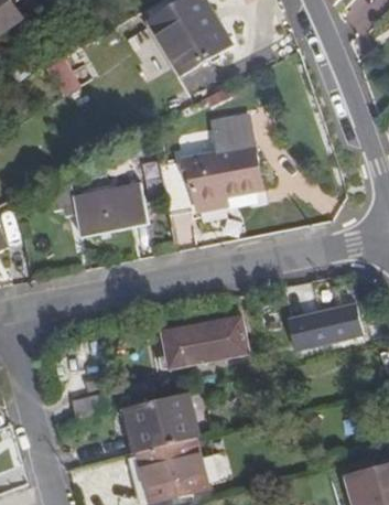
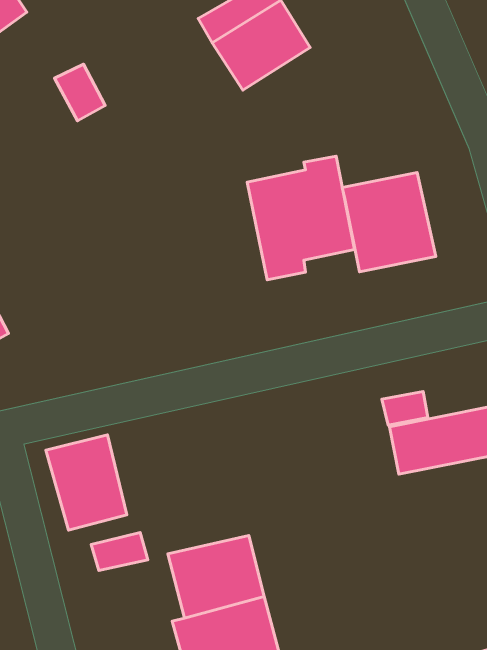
building: none -> [342,173,436,272]
building: [50,183,147,236] -> none
building: [162,316,247,368] -> none
building: none -> [46,435,127,530]

